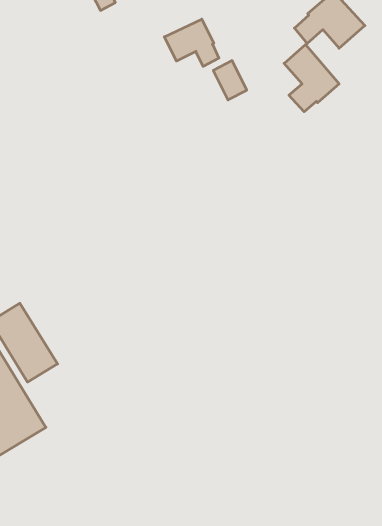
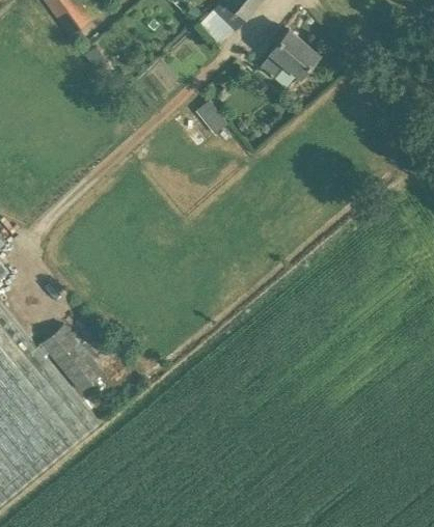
building: [164,19,219,66] -> none
building: [284,45,339,112] -> none

